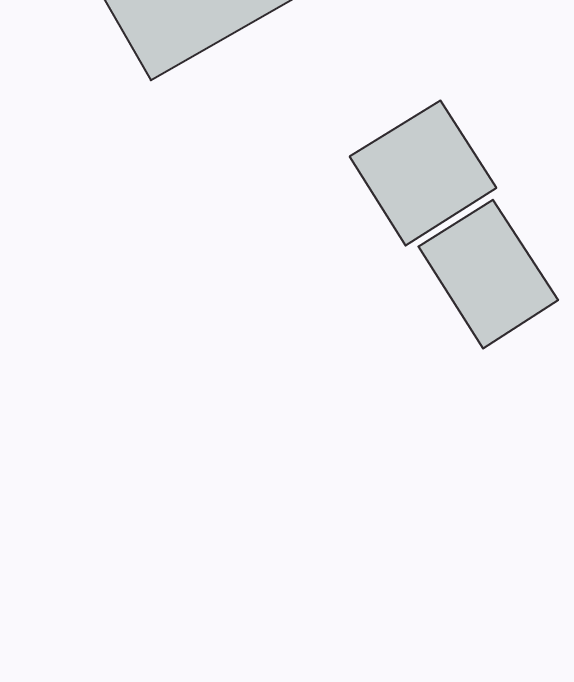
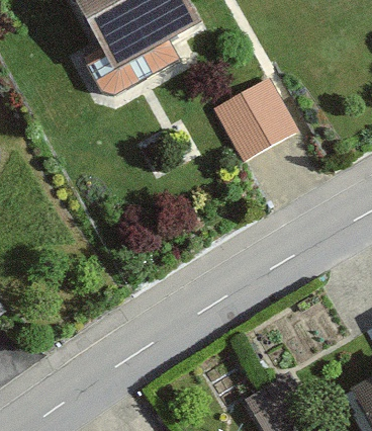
building: [418,200,558,349] -> none

